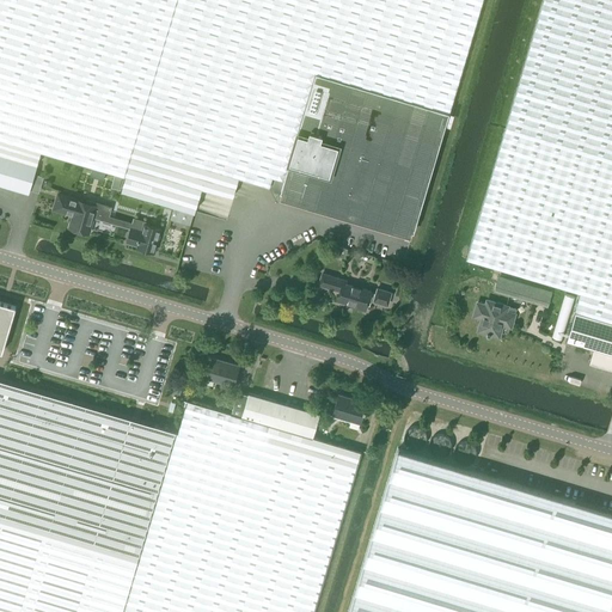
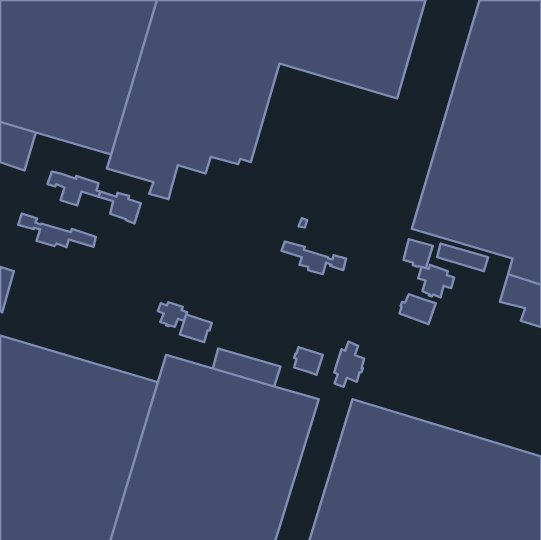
building: [280,73,448,232] -> none
building: none -> [18,213,96,247]
building: none -> [403,239,433,268]
building: none -> [399,294,436,324]
building: none -> [158,302,187,327]
building: none -> [334,342,364,387]

